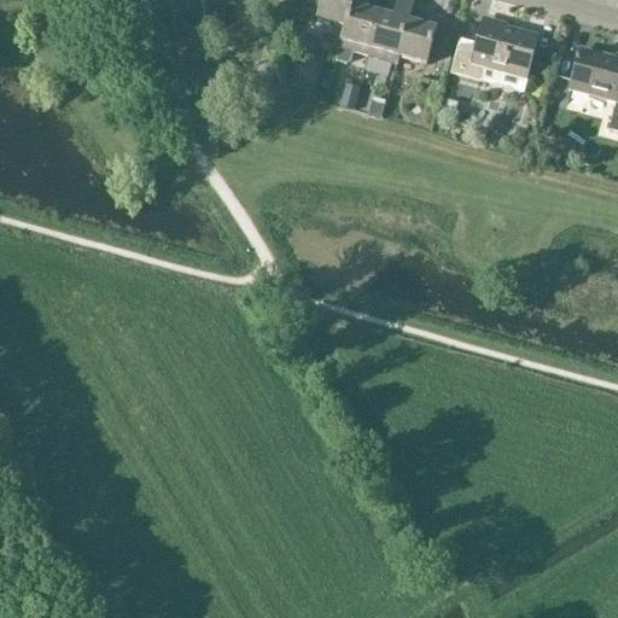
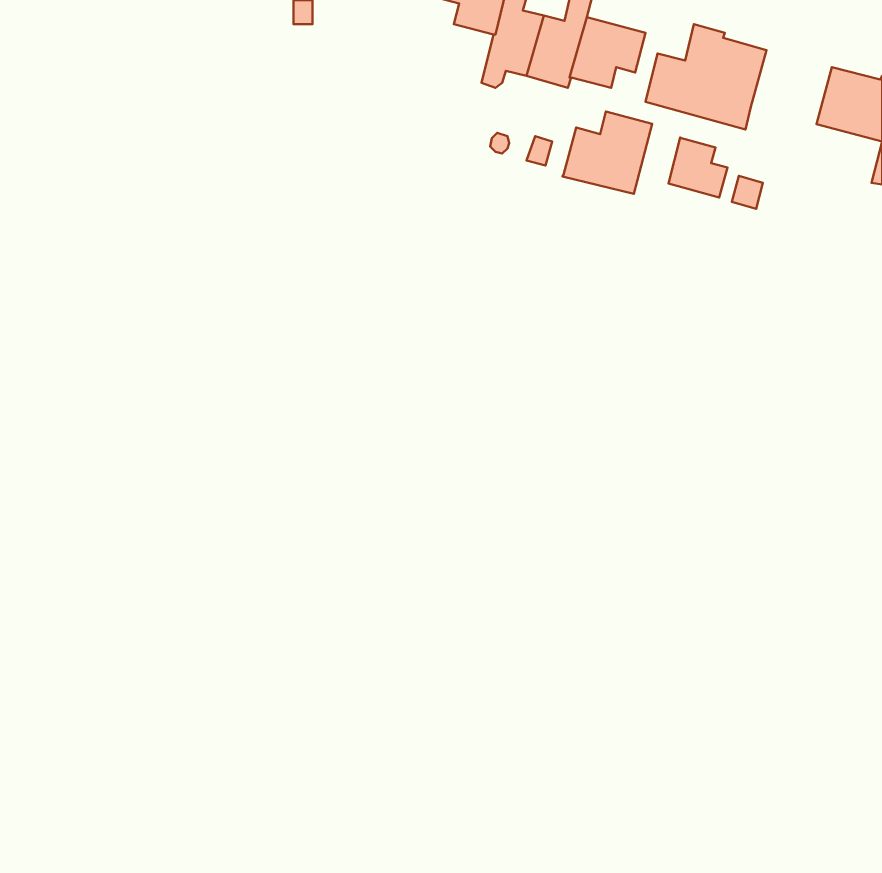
building: none -> [562,111,652,194]
building: none -> [669,137,727,197]

